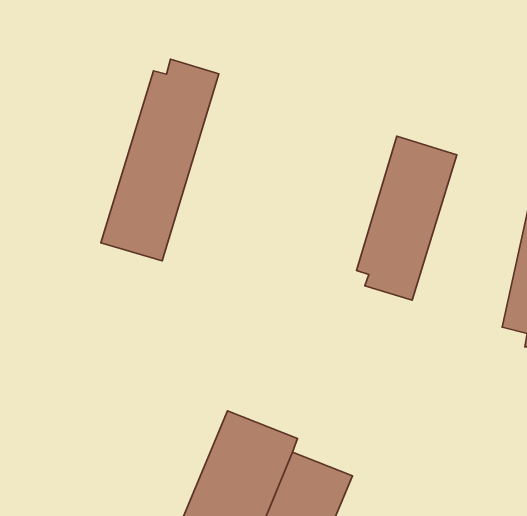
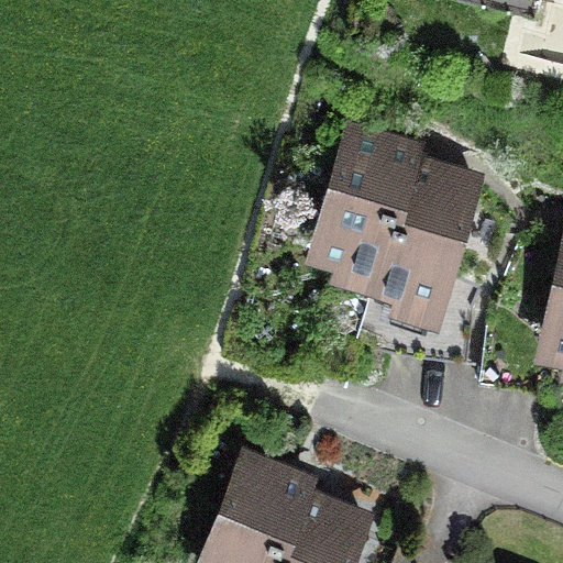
building: [101,59,219,261] -> none
building: none -> [305,122,427,300]

